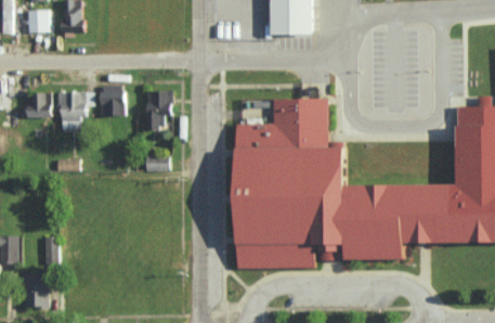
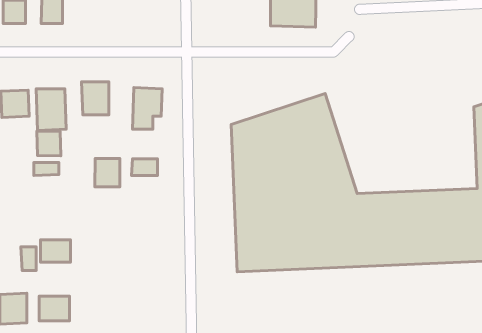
building: none -> [37,131,61,156]
building: none -> [95,158,120,187]
building: none -> [40,240,71,262]
building: none -> [39,296,70,321]

